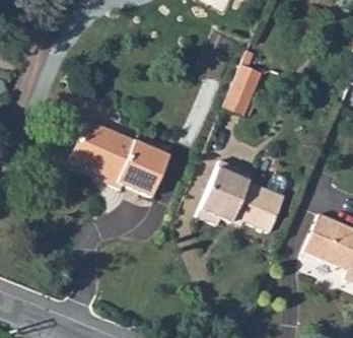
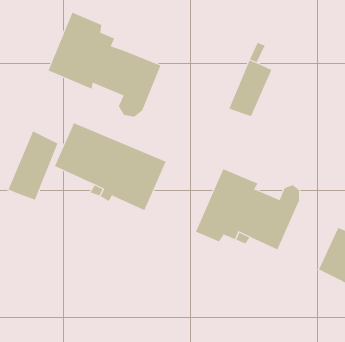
building: none -> [48,12,161,117]
building: none -> [8,130,58,201]

